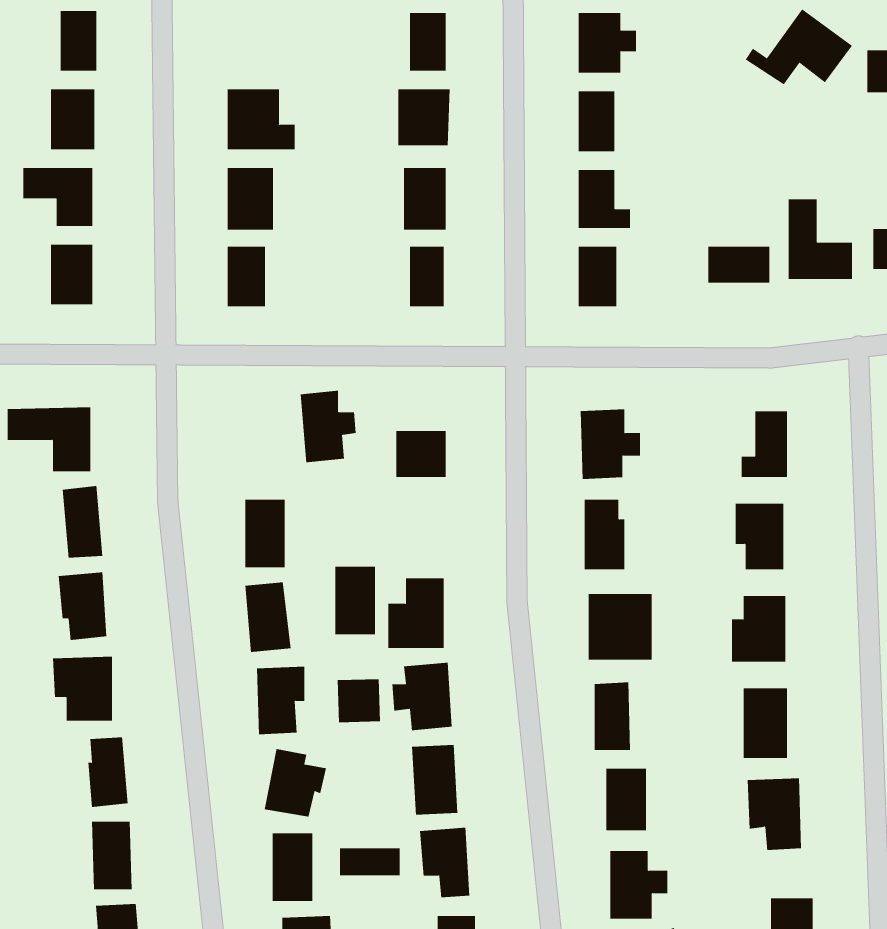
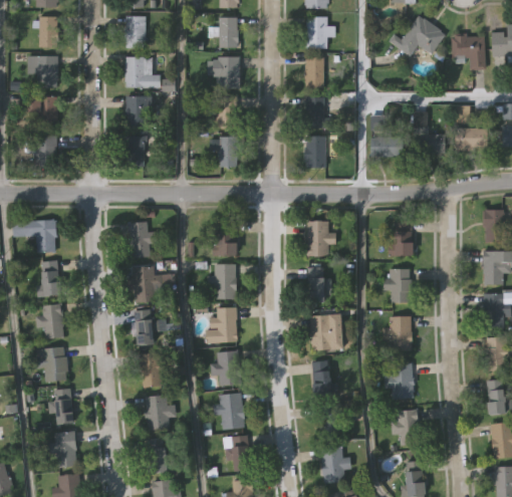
building: none -> [123,17,145,48]
building: [300,390,357,463] -> [126,222,156,259]
building: [334,566,376,635] -> [214,264,235,299]
building: [337,678,380,723] -> none
building: [339,847,400,876] -> none

